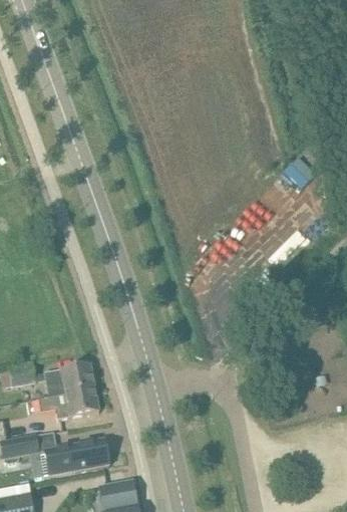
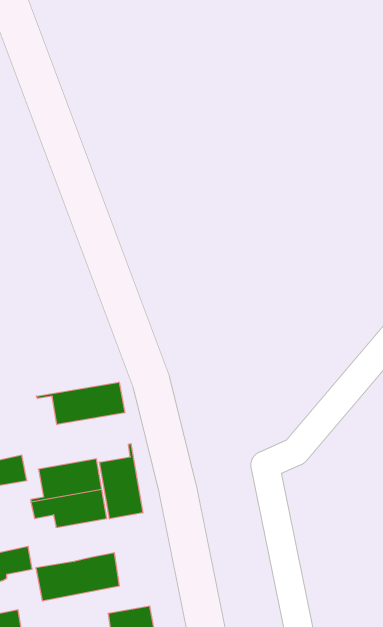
building: none -> [36,382,125,425]
building: none -> [100,444,143,519]

